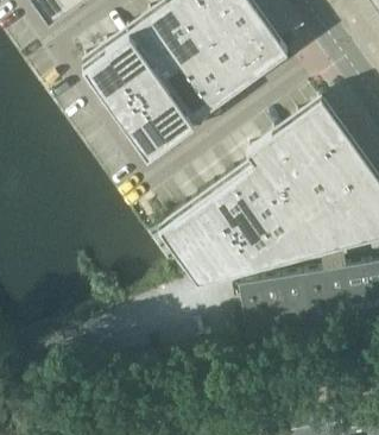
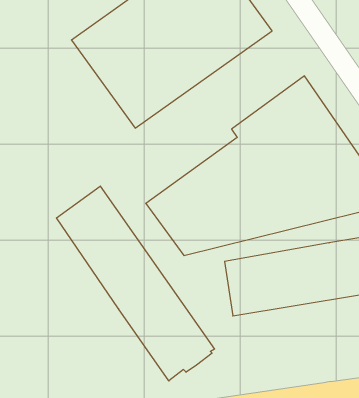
building: none -> [56,186,215,381]

